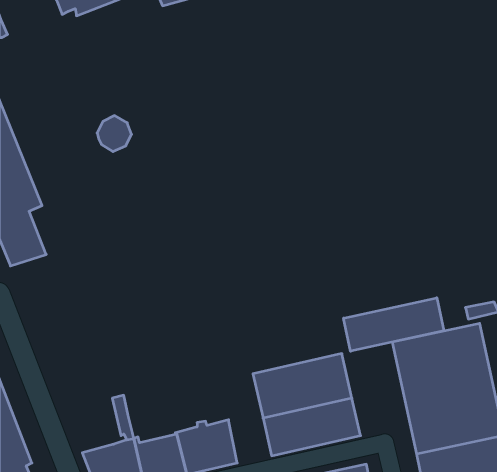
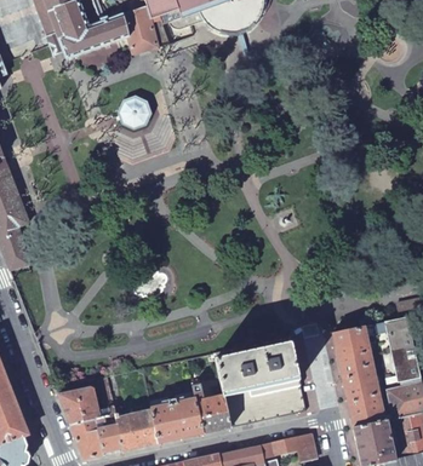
building: [97,116,132,152] -> [119,98,148,128]
building: [344,298,444,351] -> none
building: none -> [189,379,230,433]
building: none -> [58,387,97,425]

